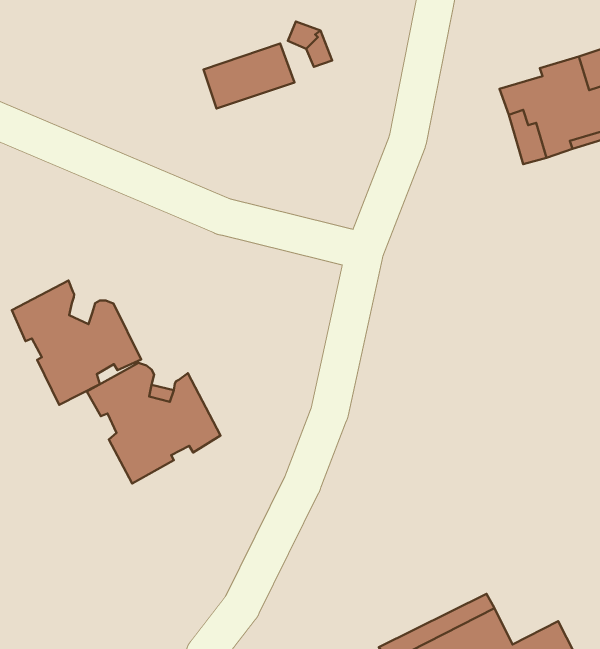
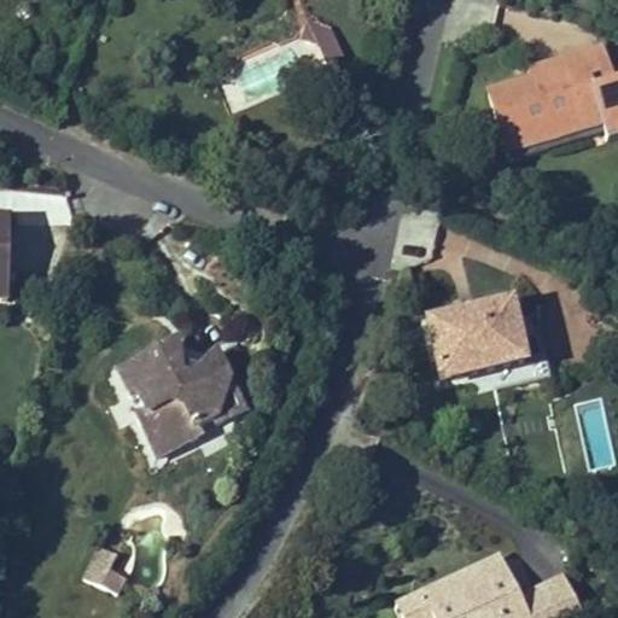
building: [12,281,141,405] -> none
building: none -> [426,302,532,387]
building: none -> [86,546,132,596]

